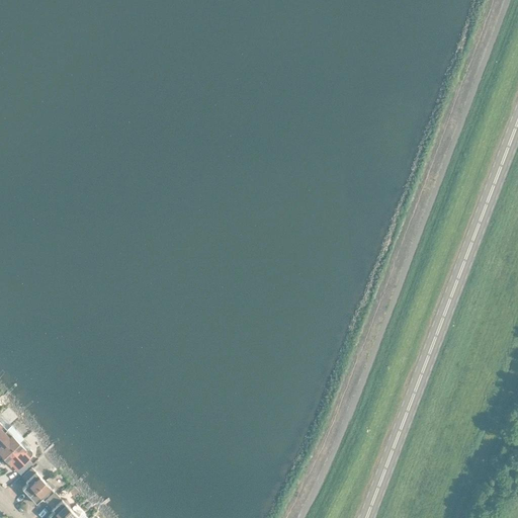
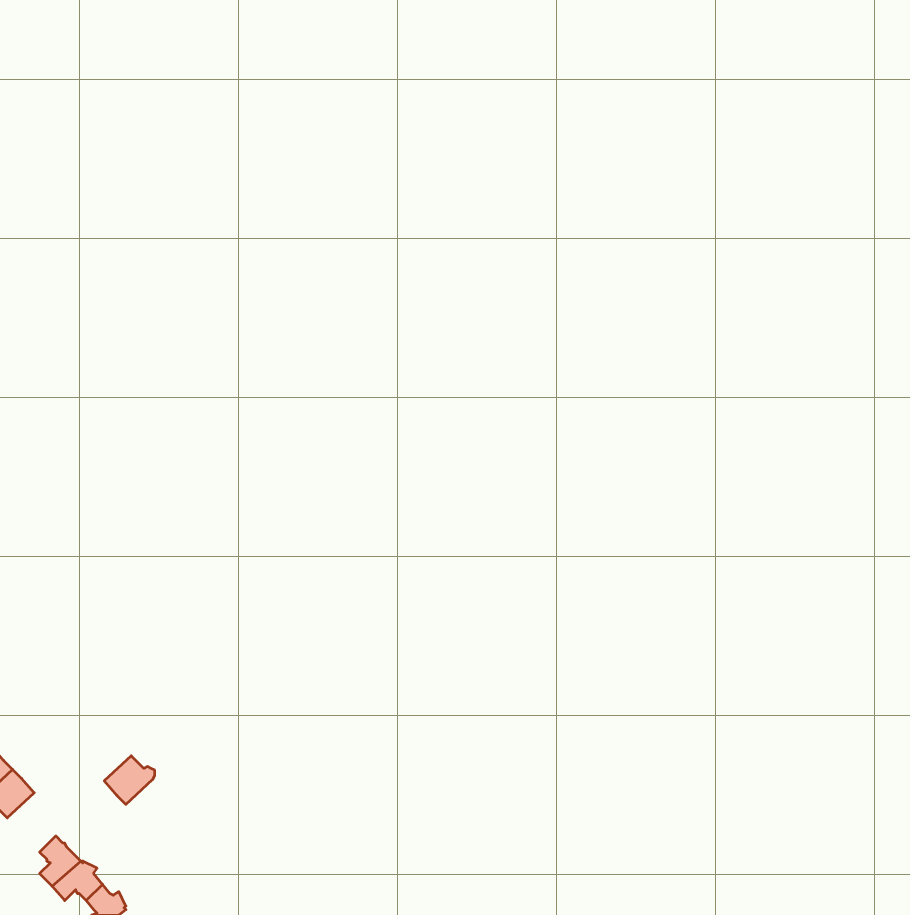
building: [4,446,32,473] -> [104,756,155,804]

